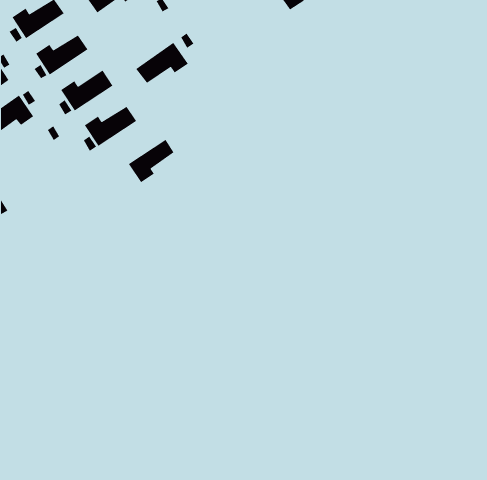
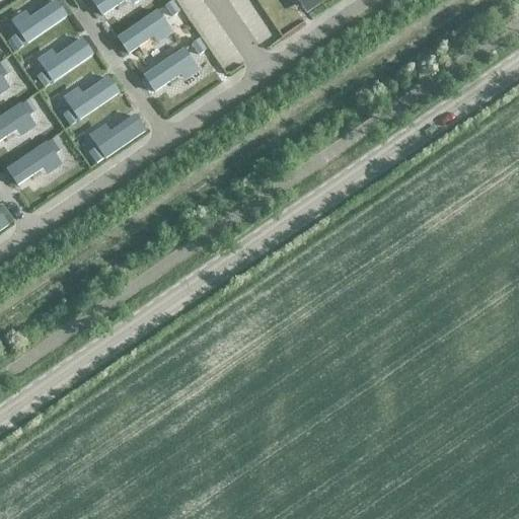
building: none -> [118,7,174,52]
building: none -> [6,139,63,183]
building: [128,139,175,183] -> none

